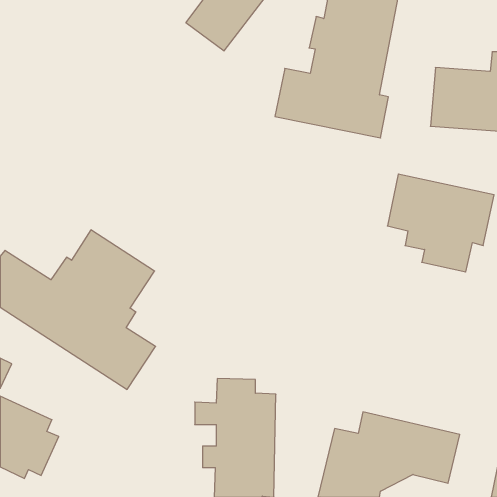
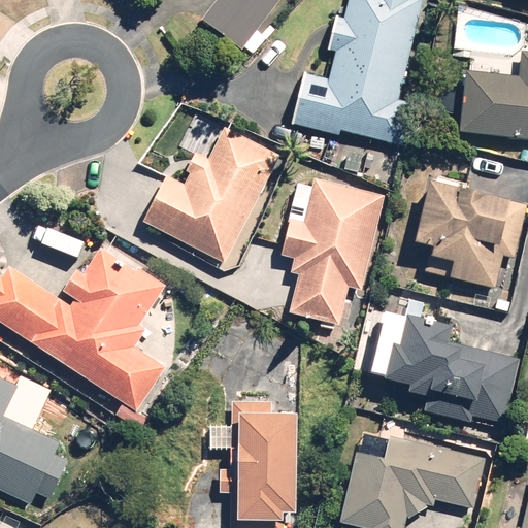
building: none -> [142,126,279,263]
building: none -> [278,179,385,327]
building: none -> [365,291,520,422]

